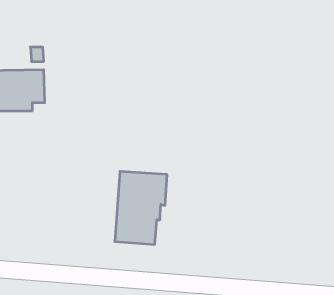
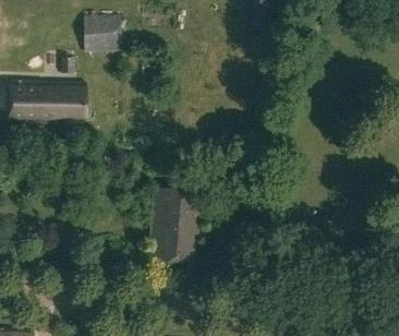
building: none -> [86,15,121,51]

